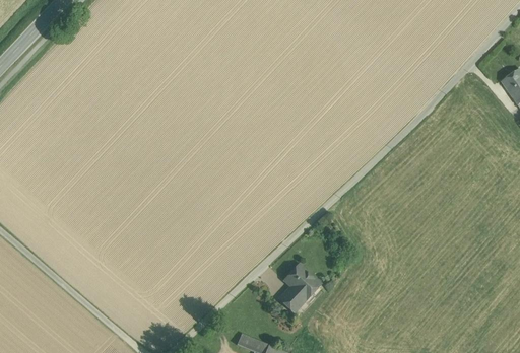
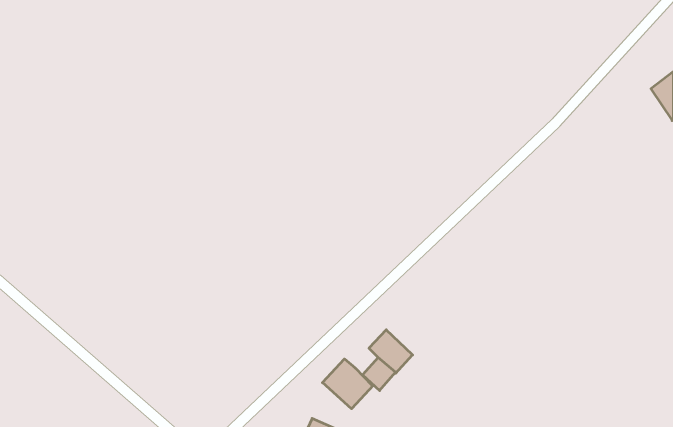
building: none -> [322,359,374,409]

